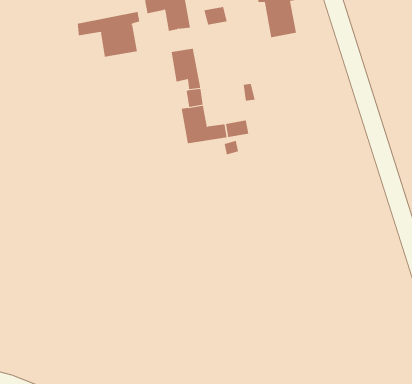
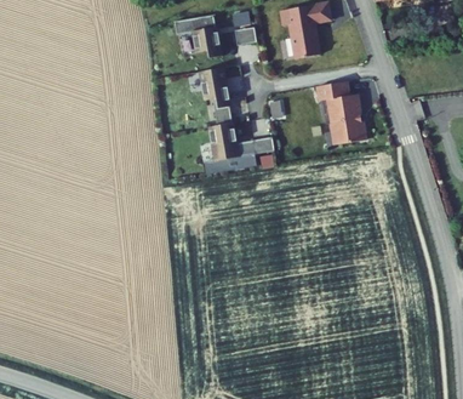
building: [77,11,140,57] -> none
building: none -> [318,80,366,144]

